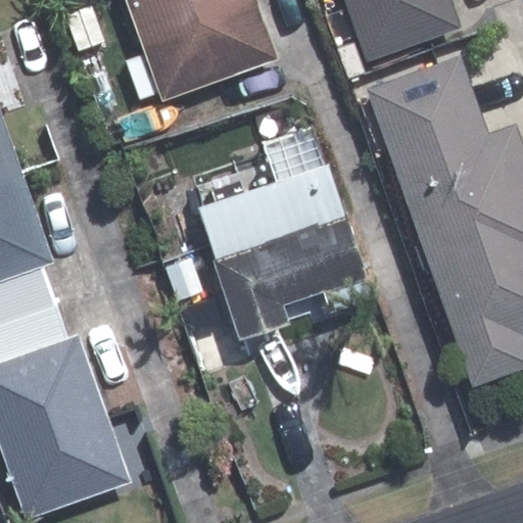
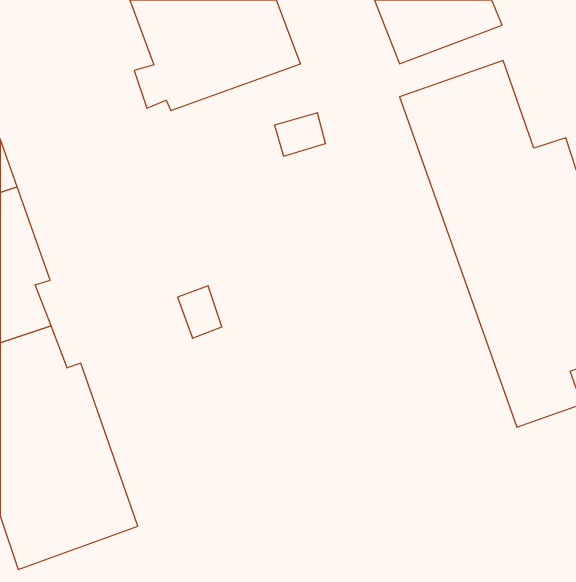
building: [196,165,364,339] -> none

